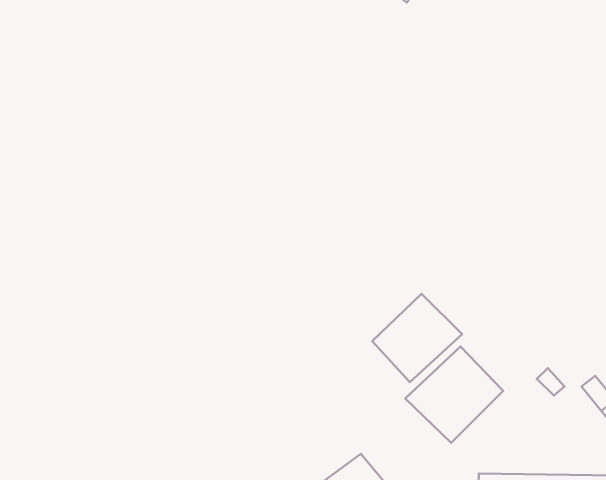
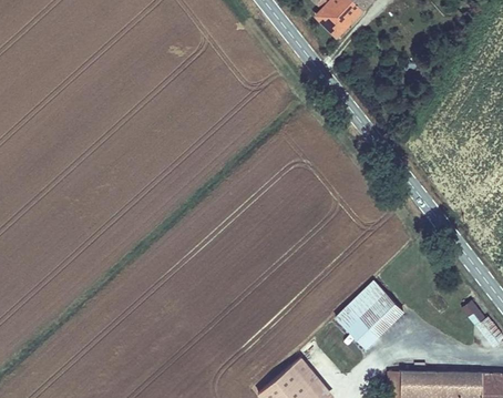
building: [372,294,462,382] -> none

